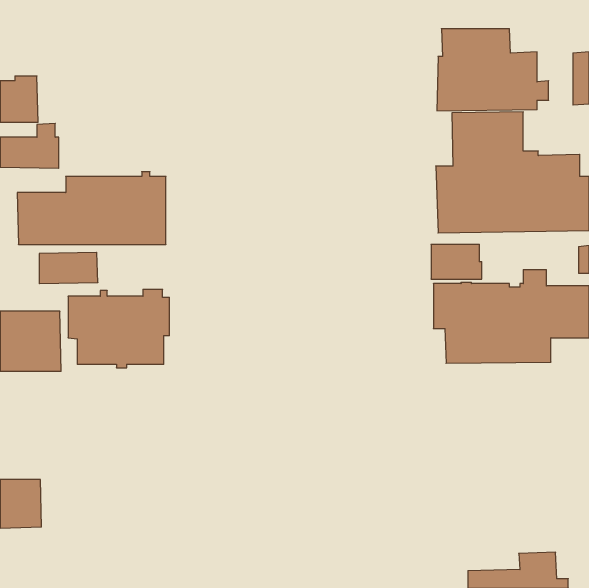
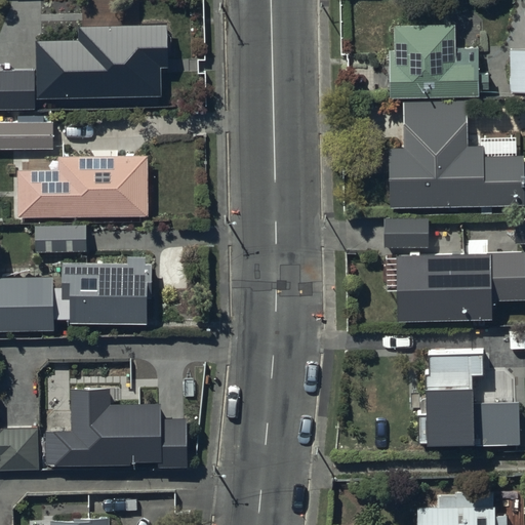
building: none -> [35,24,168,98]
building: none -> [416,355,520,448]
building: none -> [47,387,188,468]

